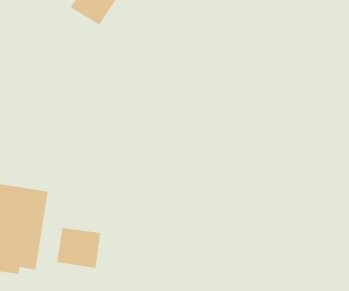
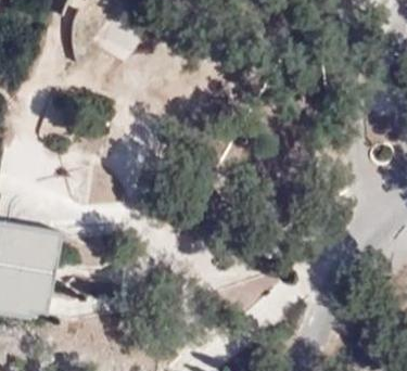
building: [56,227,101,269] -> none

